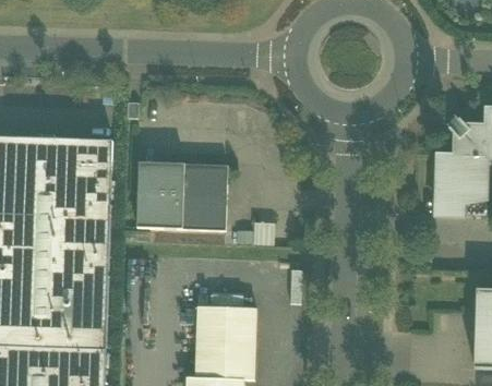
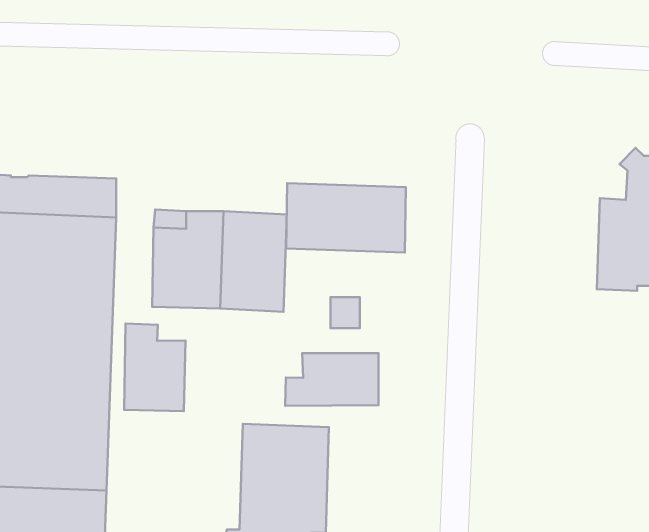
building: none -> [286,183,406,252]
building: none -> [124,323,186,411]
building: none -> [285,353,378,406]

